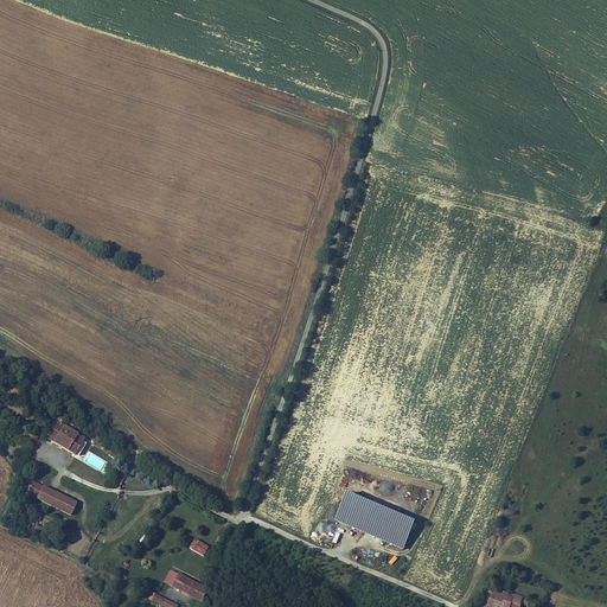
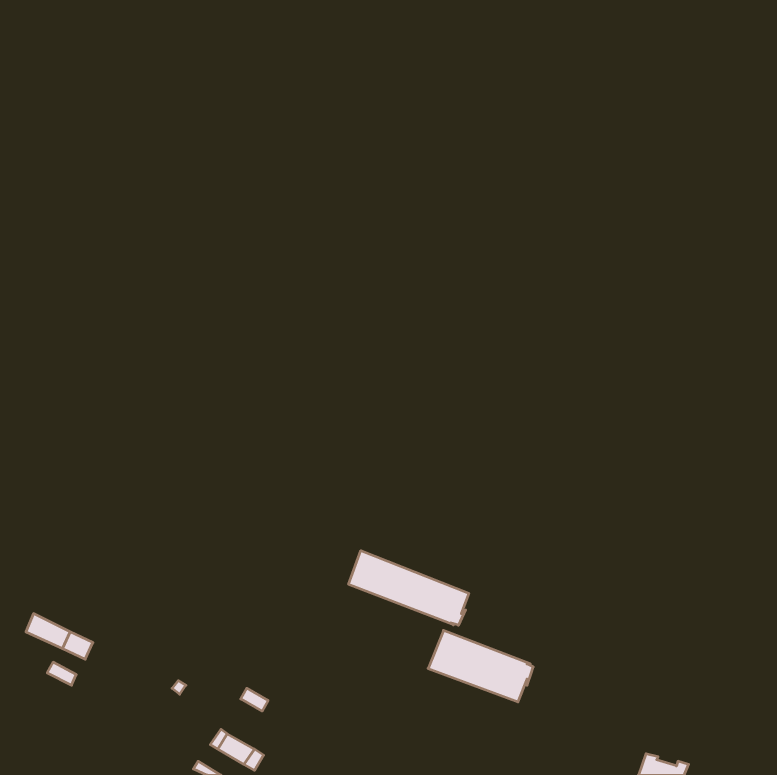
building: [43,422,79,453] -> none
building: none -> [349,551,469,625]

